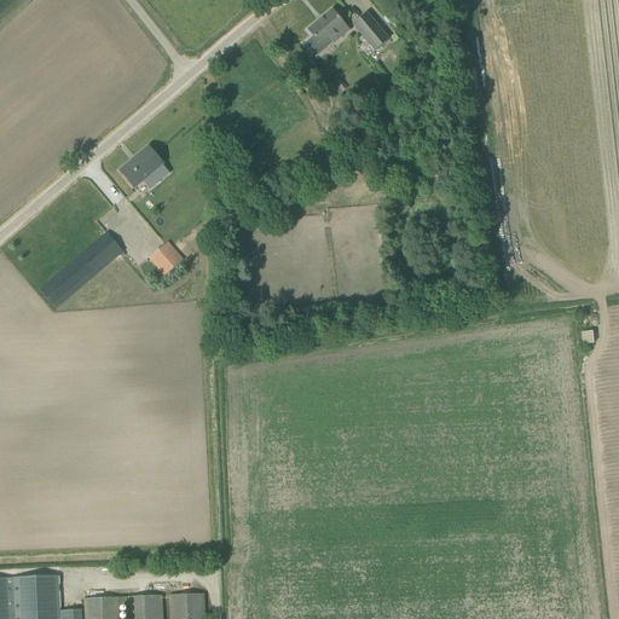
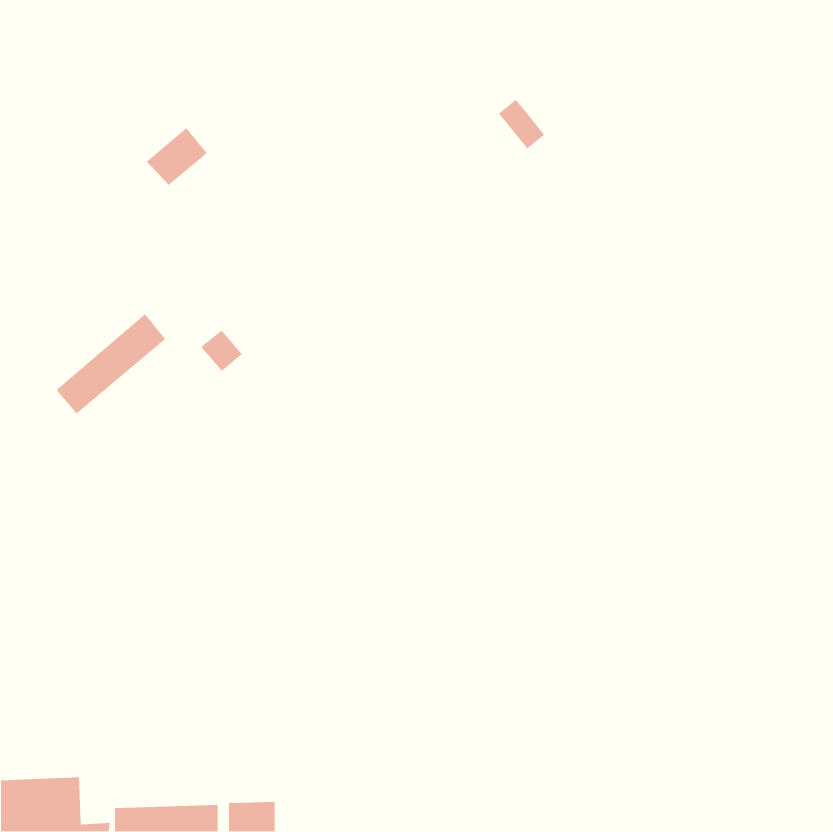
building: [308,10,351,47] -> none
building: [354,13,389,51] -> [498,99,545,149]
building: [118,145,164,189] -> [146,127,208,186]

